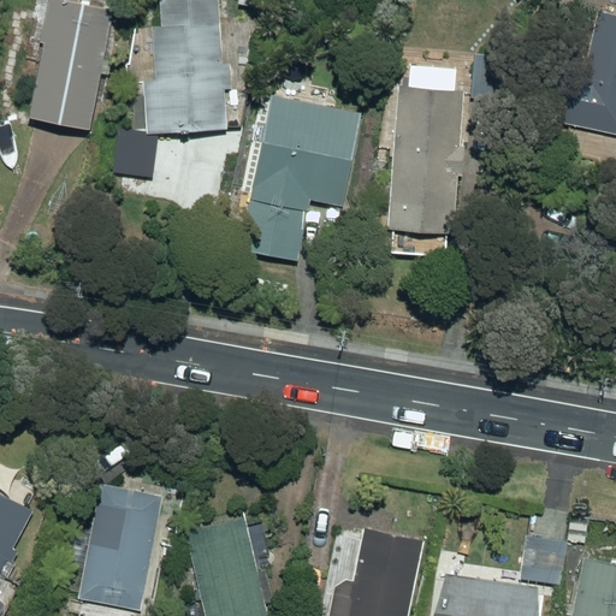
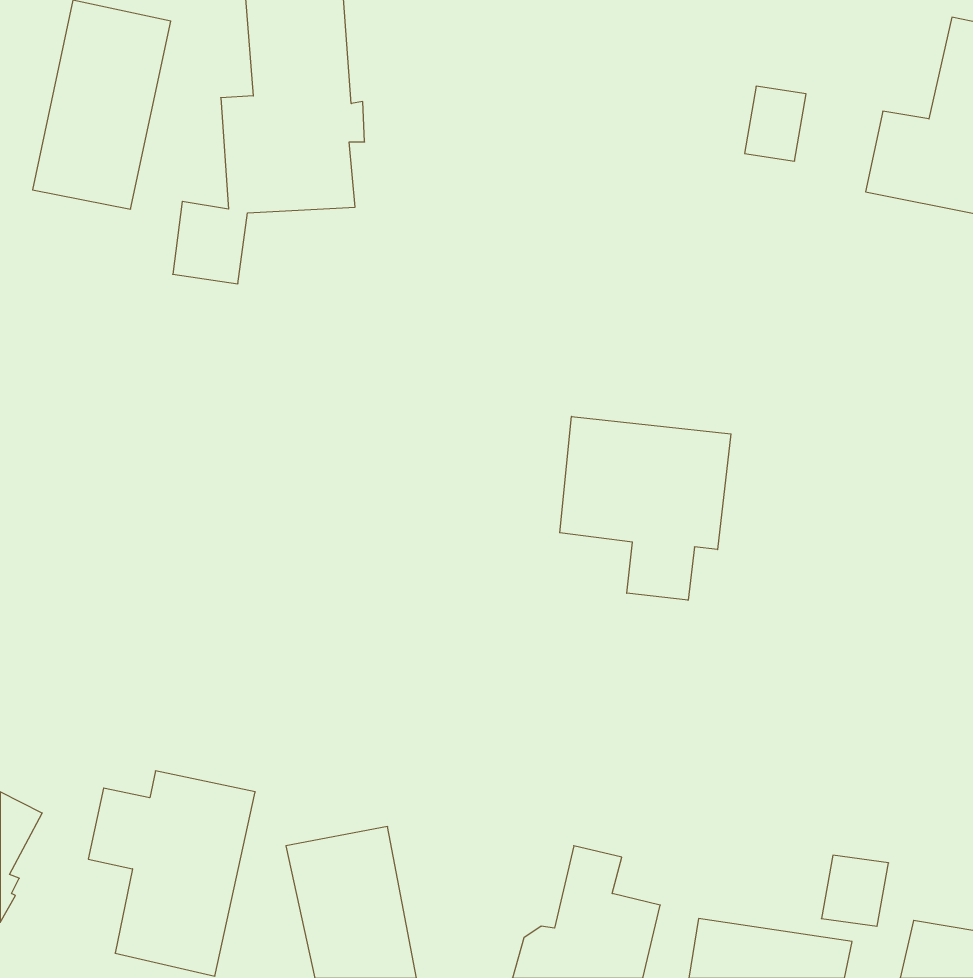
building: [385,85,464,235] -> none
building: [239,94,360,260] -> none
building: none -> [560,416,731,600]

